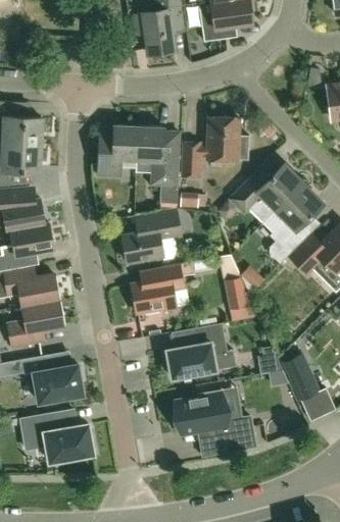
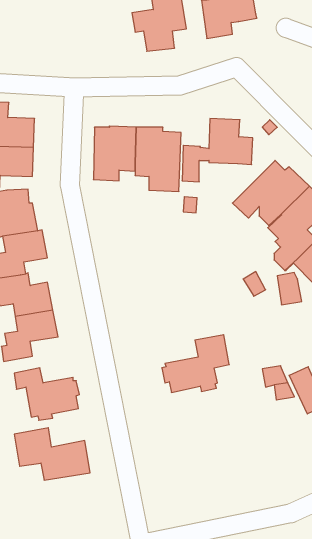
building: [122,210,179,261] -> none
building: [130,261,195,312] -> none
building: [226,277,249,308] -> [277,273,302,305]
building: [176,389,256,452] -> none

